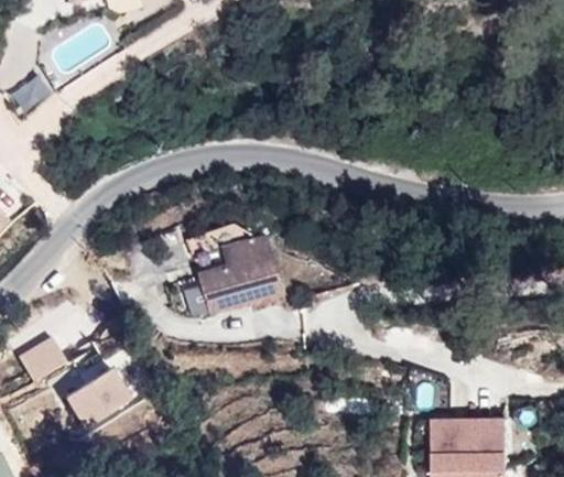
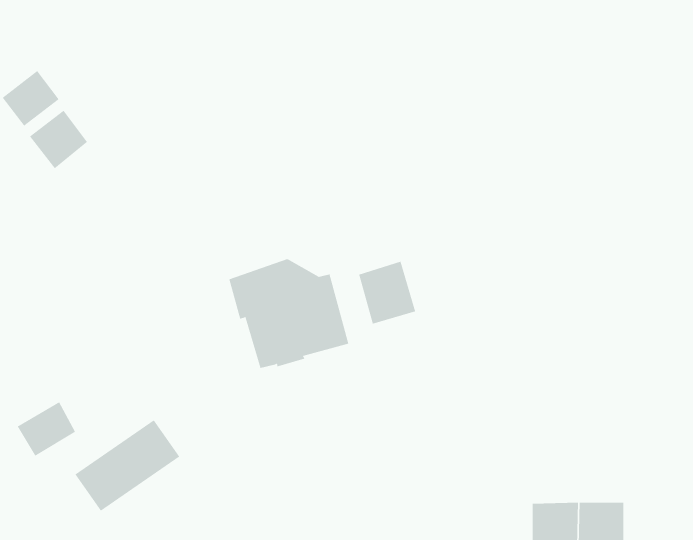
building: none -> [29,110,88,169]
building: none -> [359,261,416,324]

